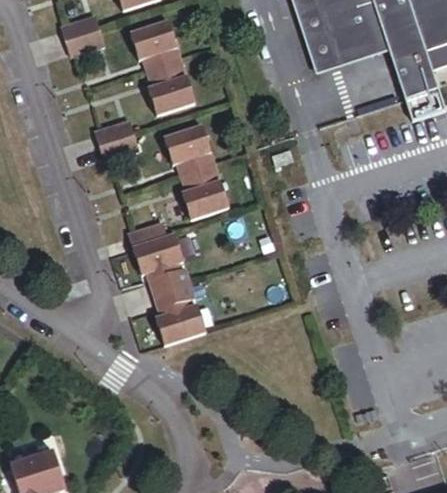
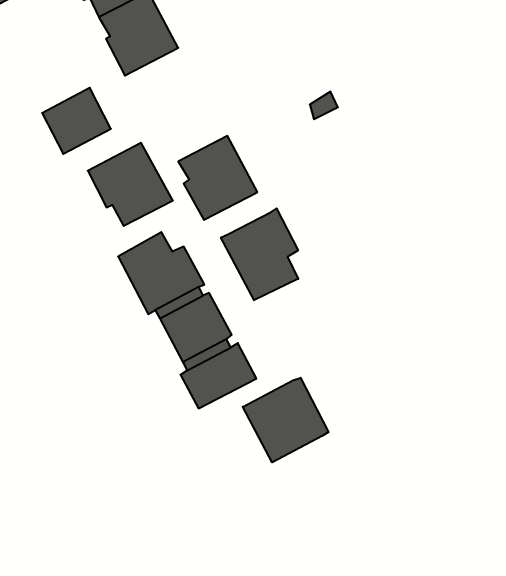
building: [163,126,215,178] -> [88,143,173,226]
building: none -> [221,208,298,300]
building: none -> [243,378,329,462]

